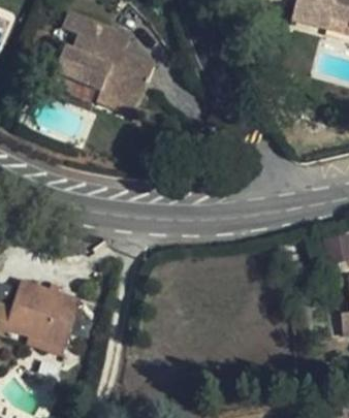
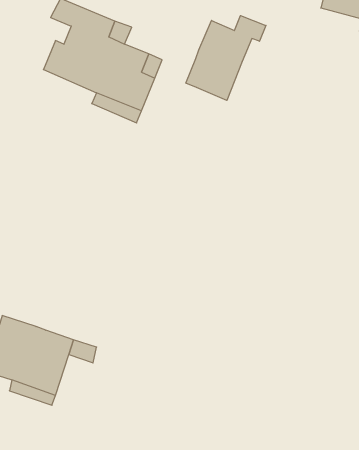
building: none -> [186,16,266,100]

